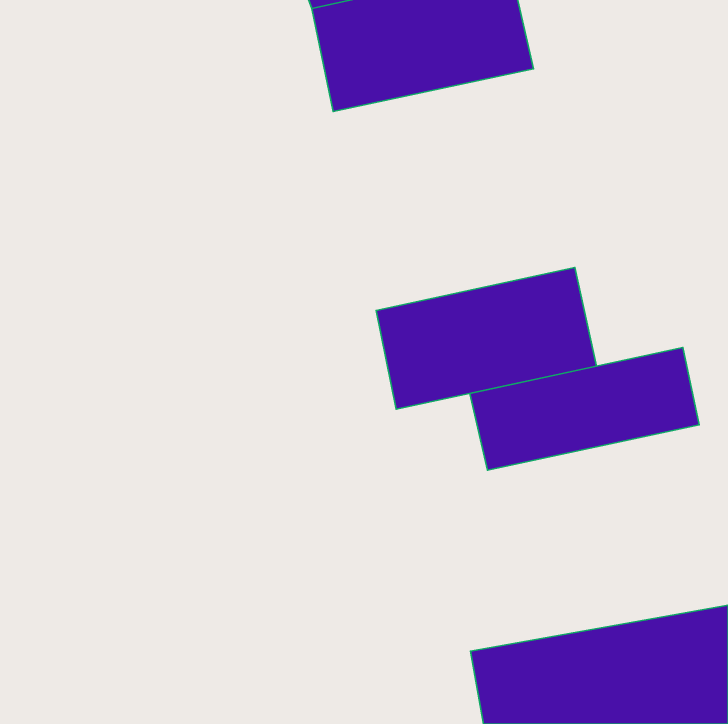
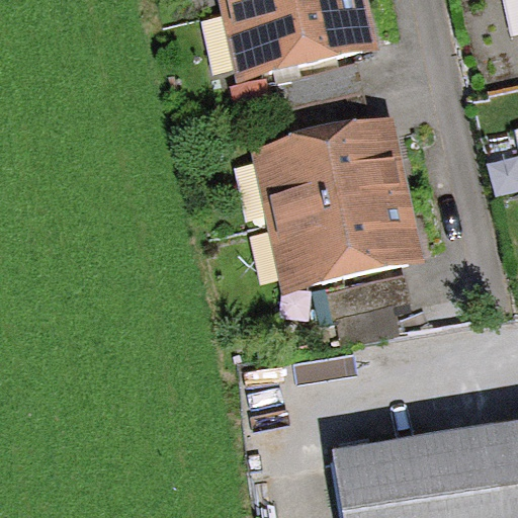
building: none -> [250,119,407,220]
building: [470,348,699,470] -> none

